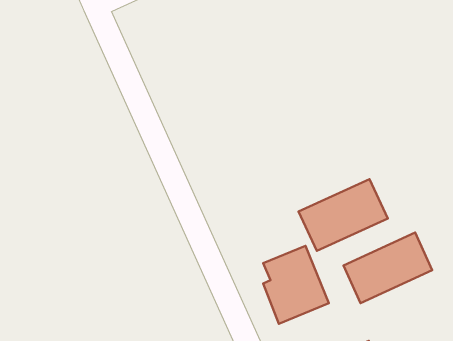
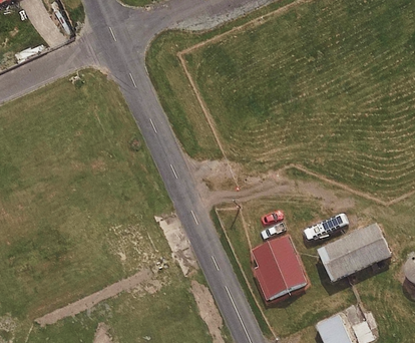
building: [299,179,388,251] -> none

